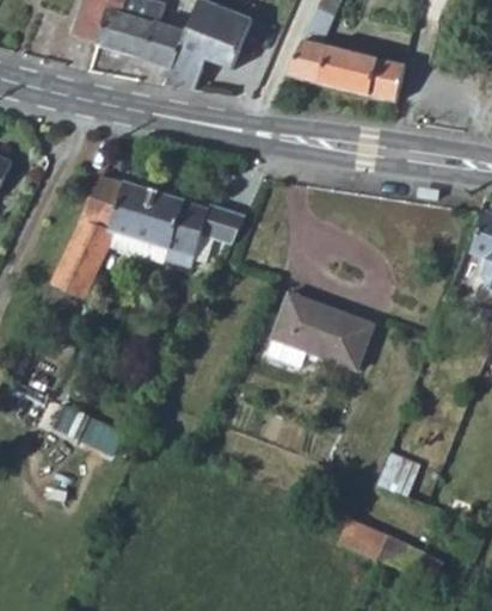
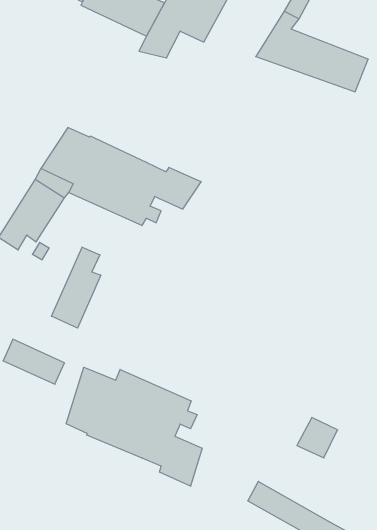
building: [269,294,375,370] -> none
building: none -> [51,247,101,328]
building: none -> [66,367,202,486]

